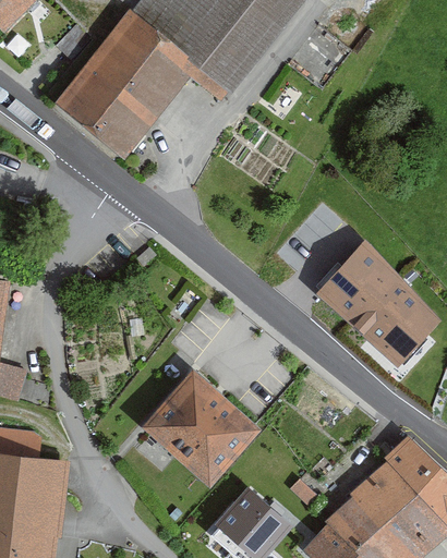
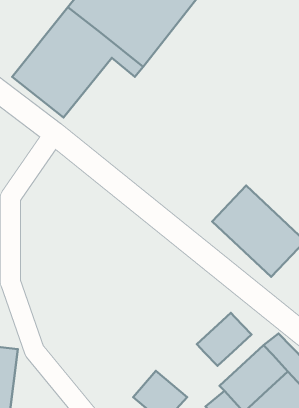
building: [146,371,263,485] -> none
building: none -> [197,313,251,366]

